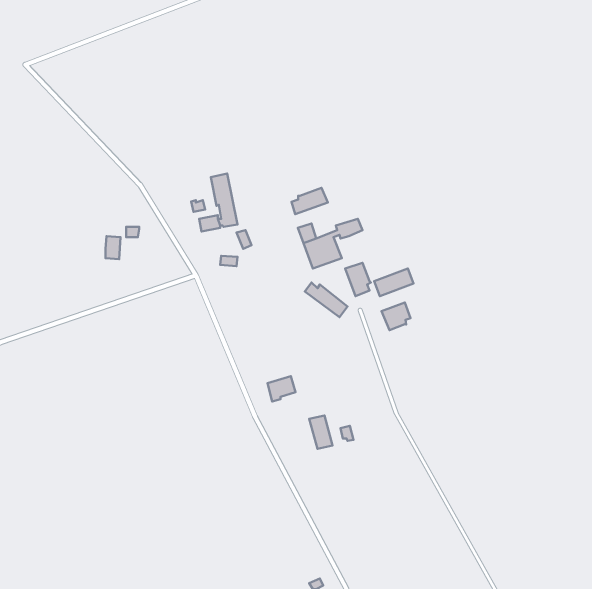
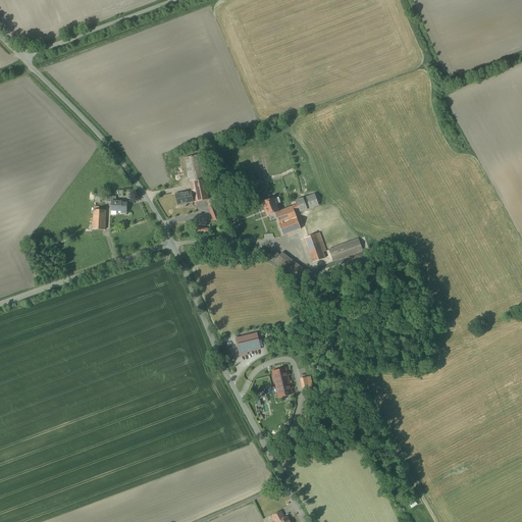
building: [291,188,328,214] -> none
building: [382,302,410,330] -> none

